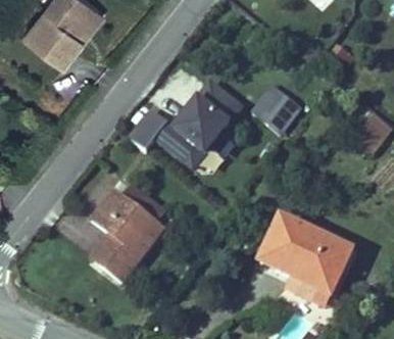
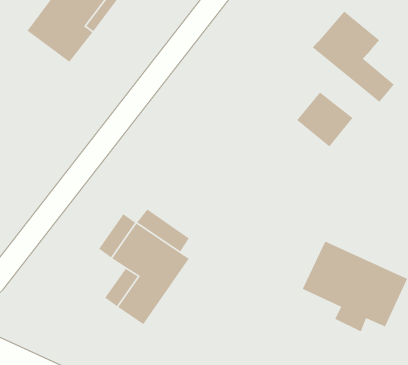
building: none -> [312,10,395,103]
building: [129,81,239,164] -> none

